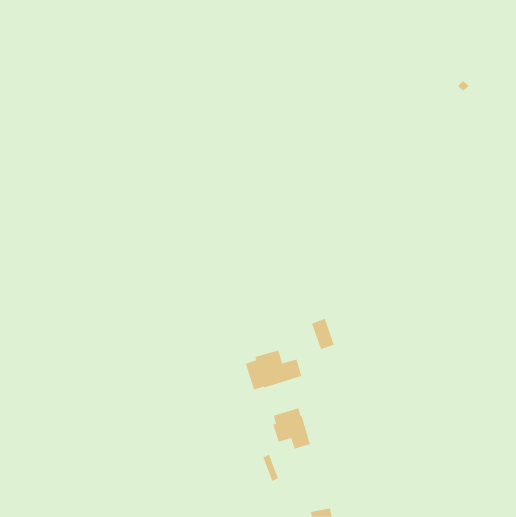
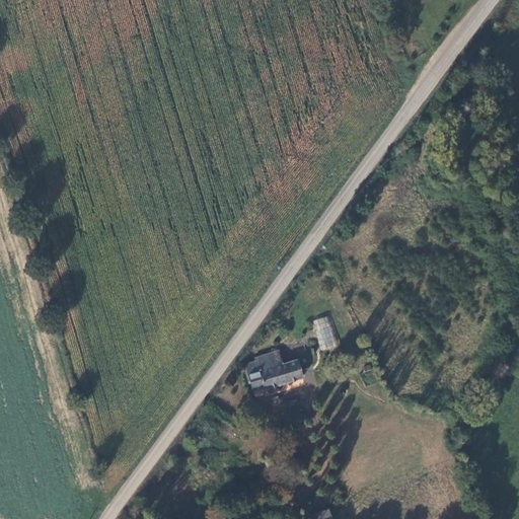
building: [272,407,311,449] -> none

